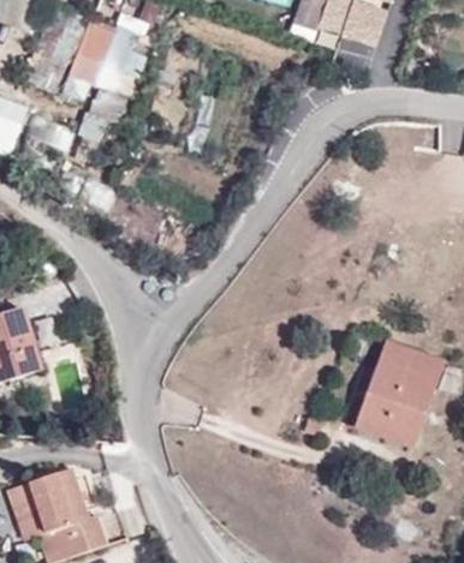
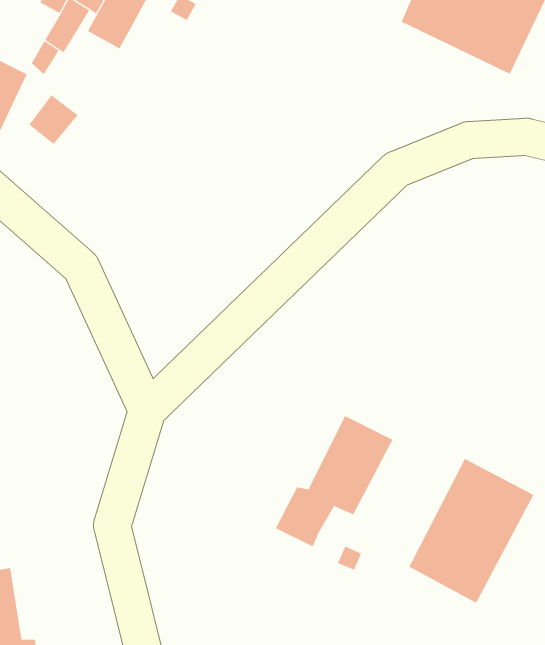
building: none -> [275,415,393,547]

